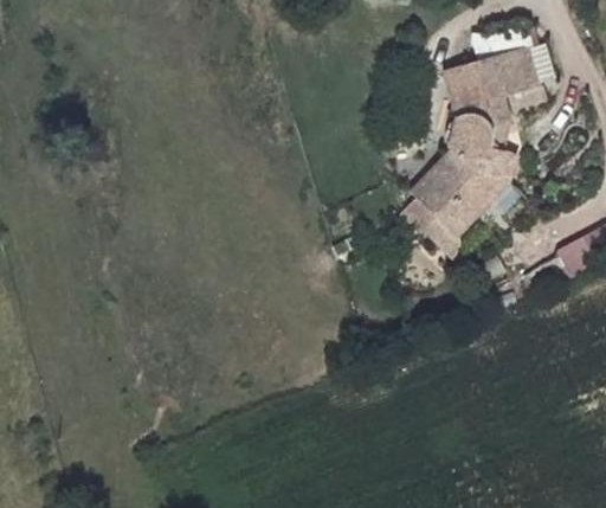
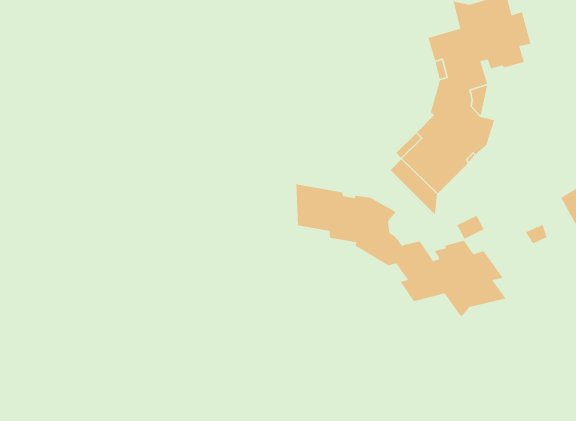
building: none -> [296,184,507,317]

